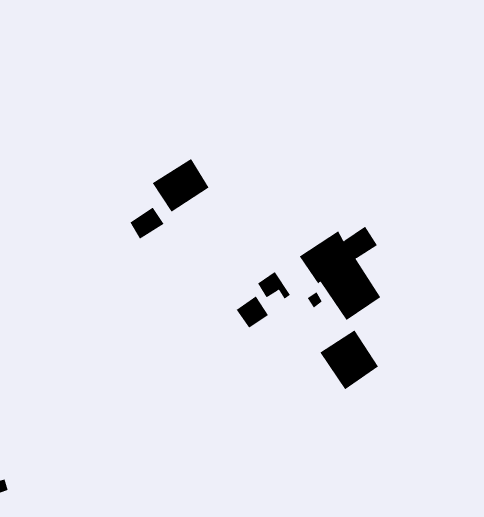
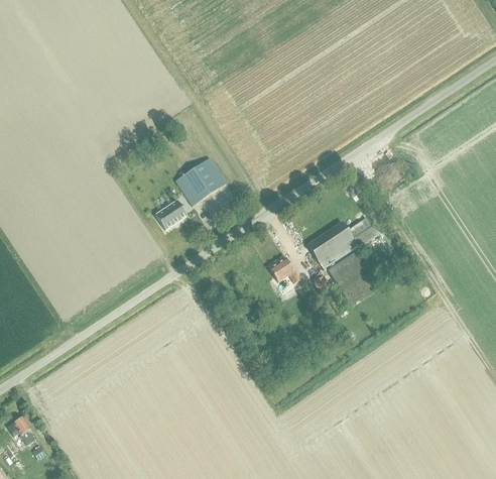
building: [236,295,269,328] -> none
building: [320,329,379,390] -> none

